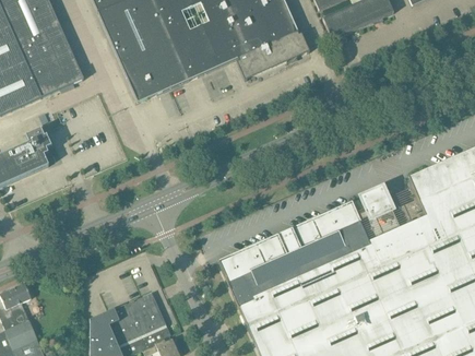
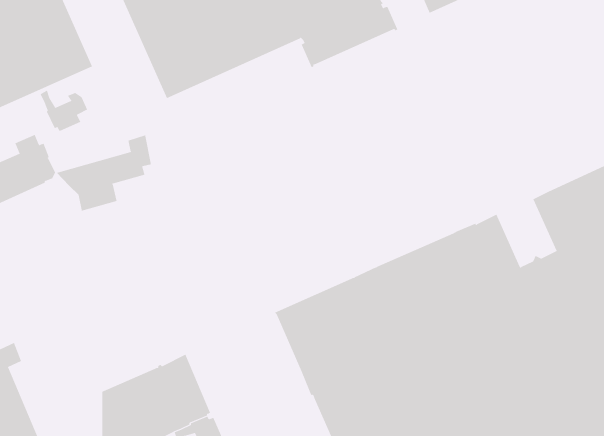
building: none -> [40,90,88,132]
building: none -> [56,135,152,212]

